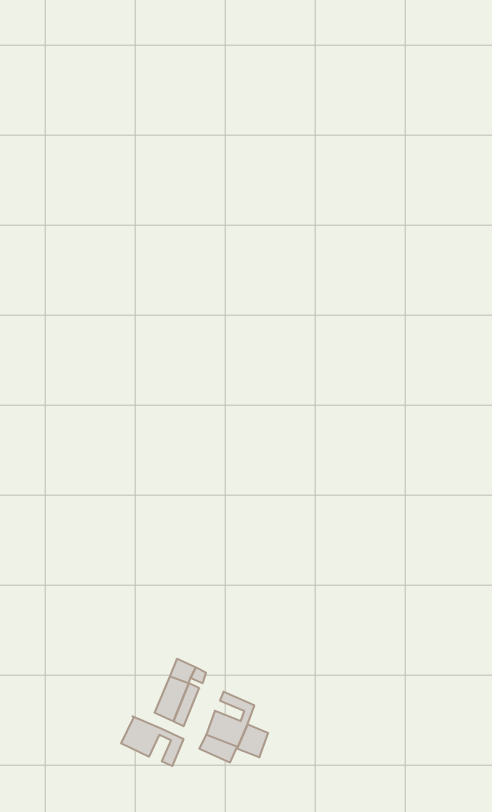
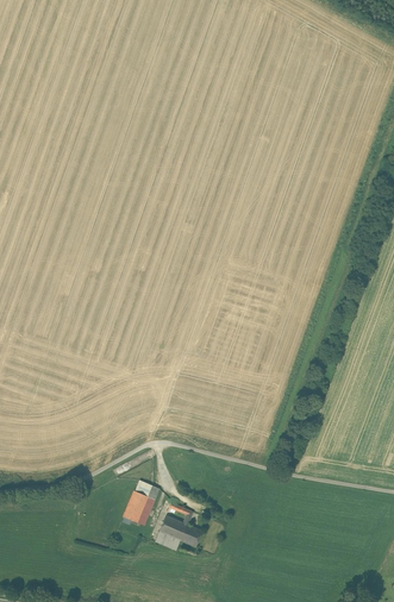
building: [121,716,183,766] -> none

